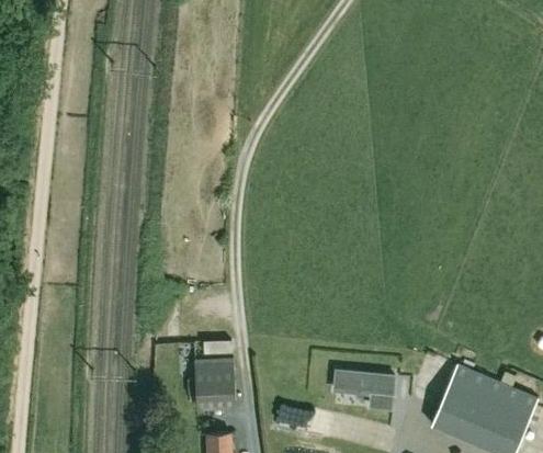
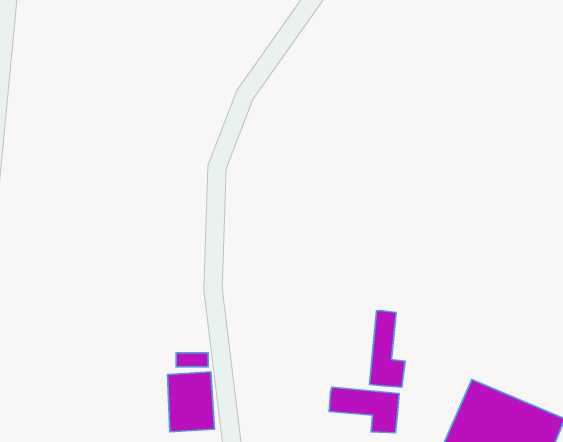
building: none -> [369,310,405,387]

